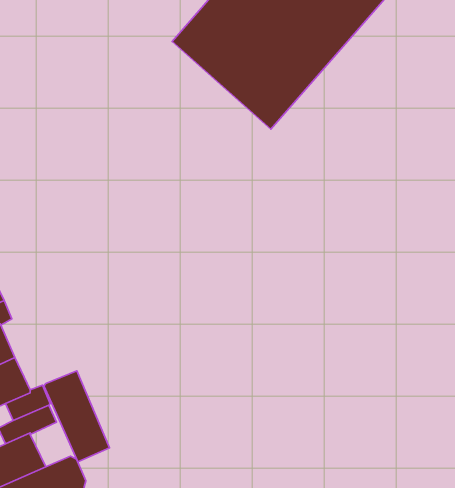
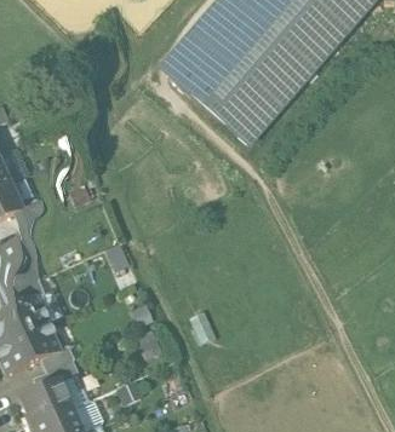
building: [44,371,110,462] -> none

